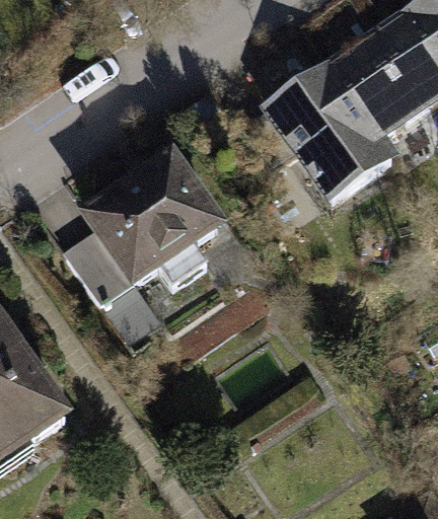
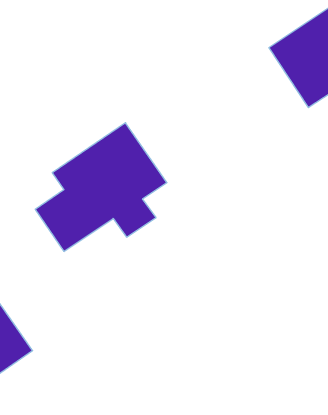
building: [269,59,395,197] -> none

